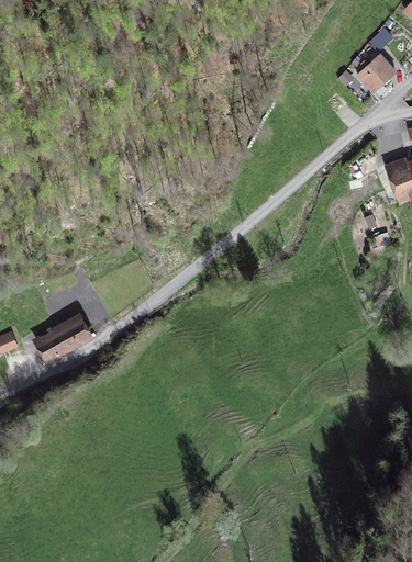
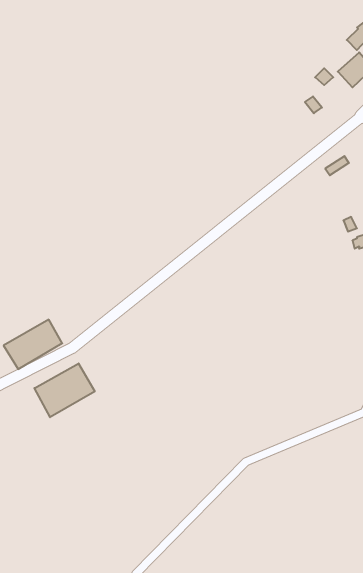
building: none -> [34,363,95,417]

